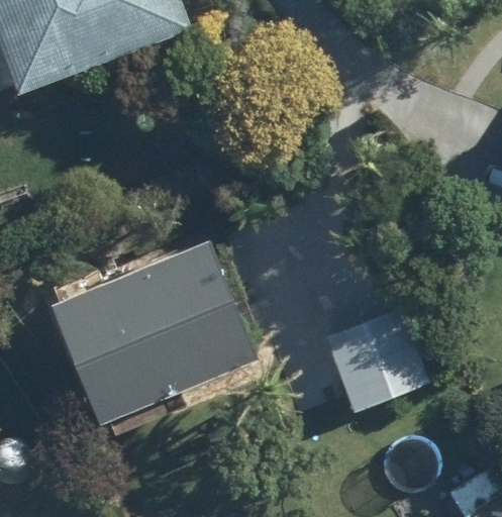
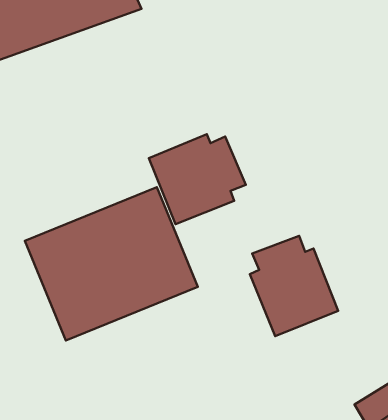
building: none -> [149,134,246,224]

